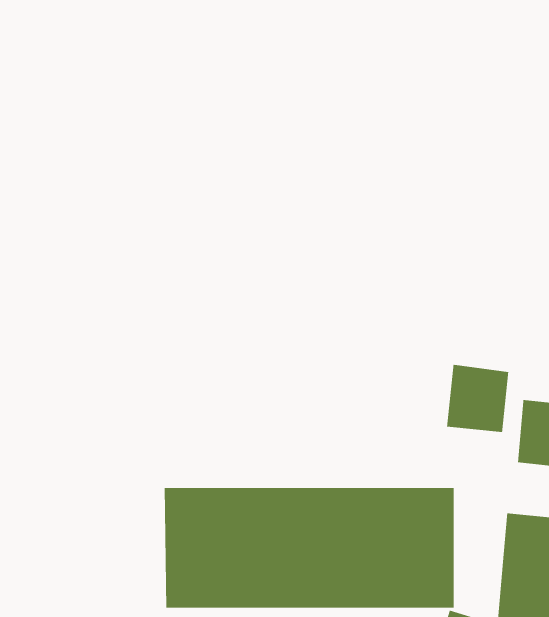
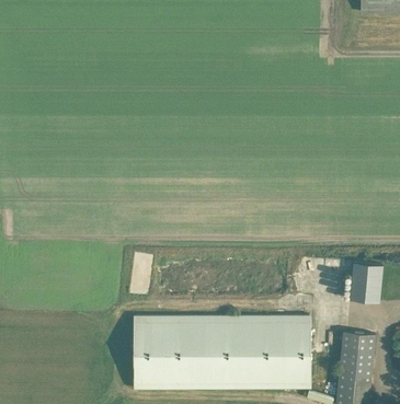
building: [446,364,509,433] -> none

